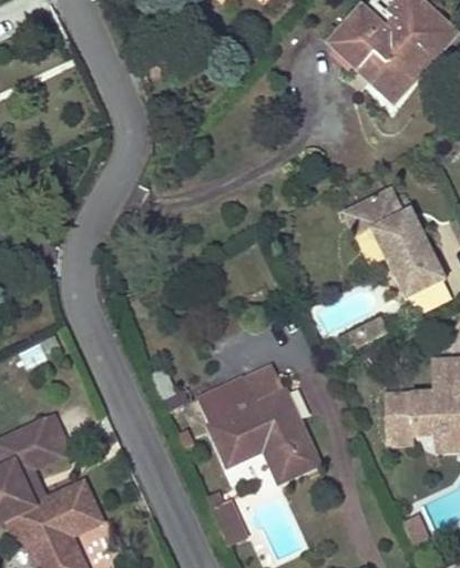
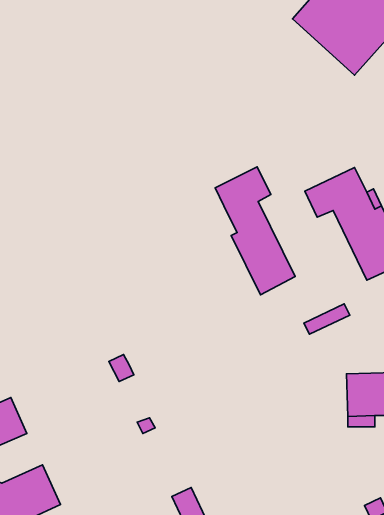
building: none -> [215,167,295,295]
building: [198,365,317,481] -> none

